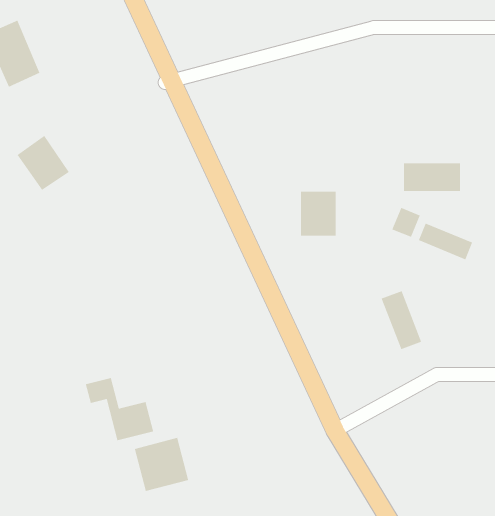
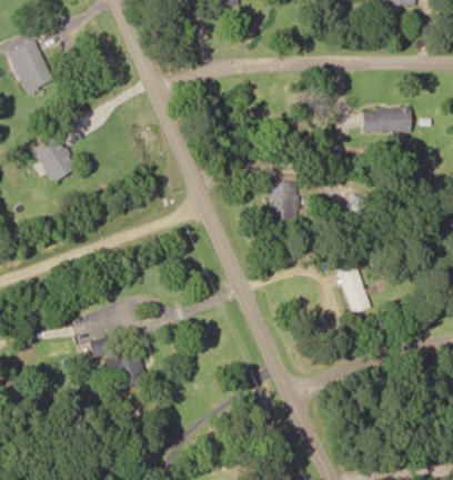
building: [403,162,461,192] -> [362,108,410,132]
building: [418,222,473,260] -> none
building: [134,437,189,492] -> none

